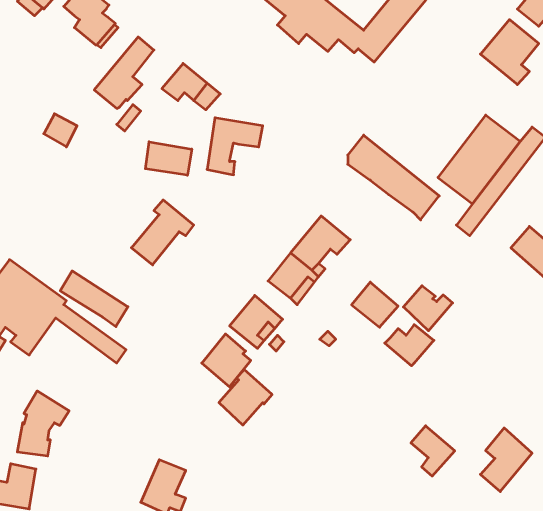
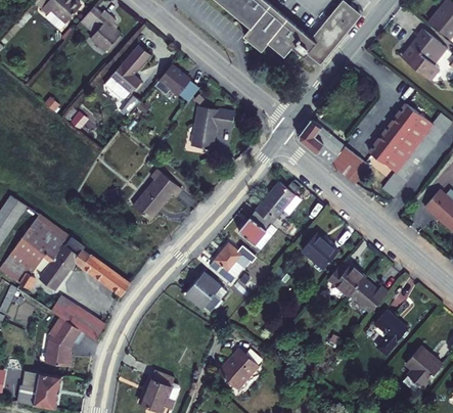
building: [145,142,192,175] -> none
building: [60,271,128,327] -> [52,296,104,339]
building: [403,286,453,331] -> [351,279,389,314]
building: [219,369,272,425] -> [220,348,261,391]
building: [411,426,455,476] -> [374,310,408,349]

